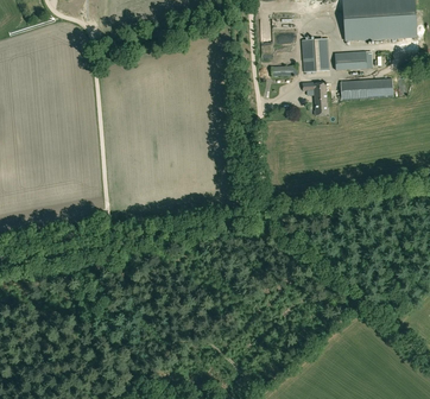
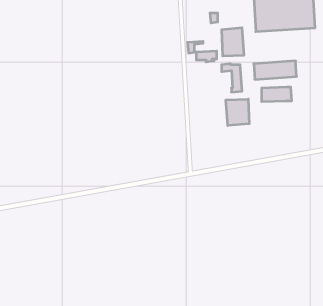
building: [336,51,373,69] -> [262,87,292,102]
building: none -> [226,99,249,126]

